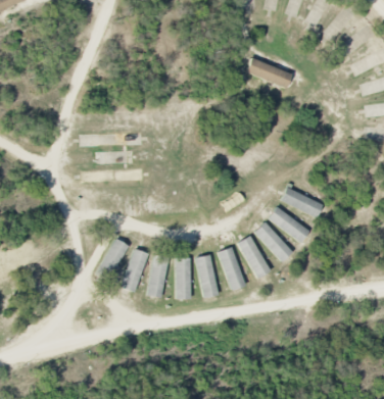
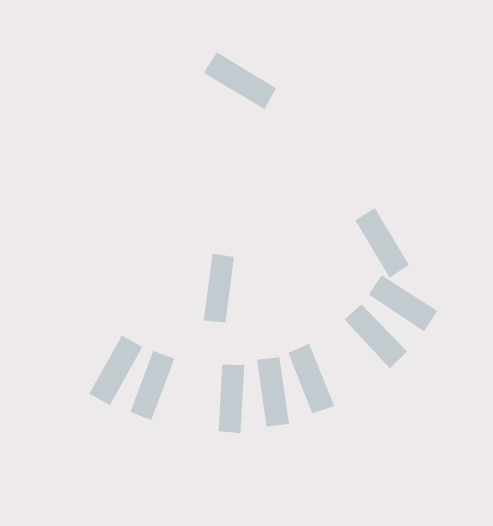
building: [245,57,291,88] -> [203,51,277,110]
building: [254,220,292,262] -> [354,207,410,279]
building: [96,238,128,281] -> none
building: [176,257,191,299] -> [203,253,235,323]

